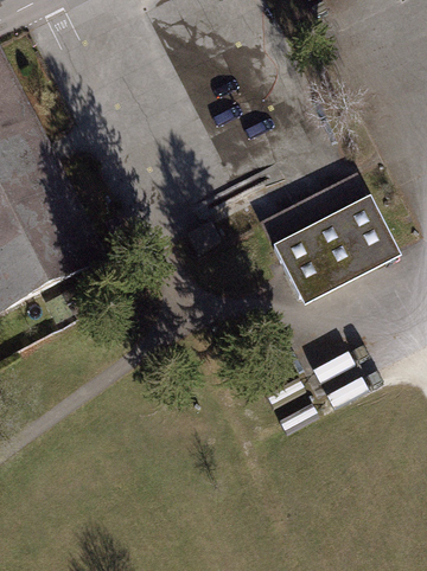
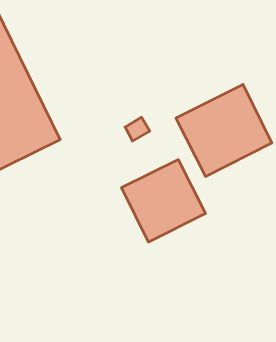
building: none -> [122,160,205,242]

